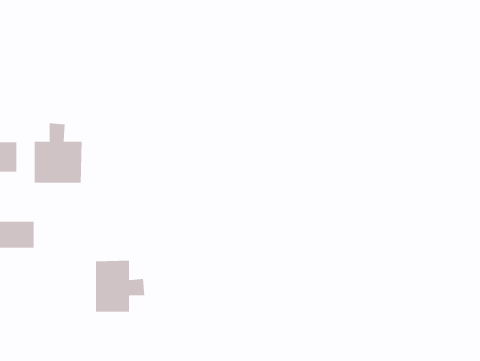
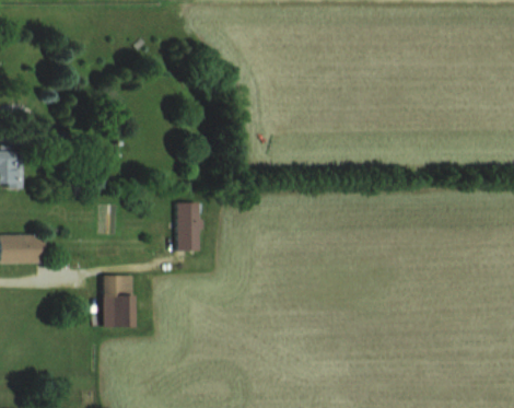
building: [34,122,82,183] -> none
building: none -> [177,202,200,252]

